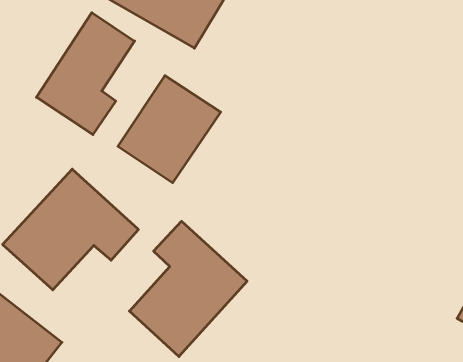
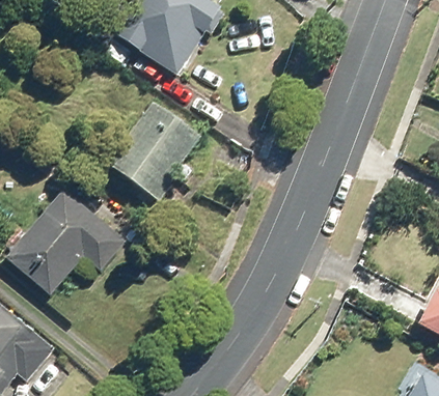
building: [36,13,135,135] -> none
building: [129,221,247,357] -> none

